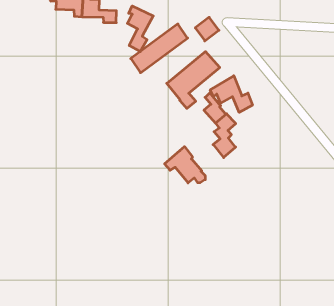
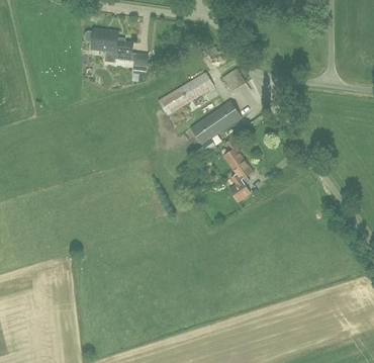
building: [127,6,153,52] -> none
building: [210,76,252,112] -> none
building: [165,147,205,183] -> none

